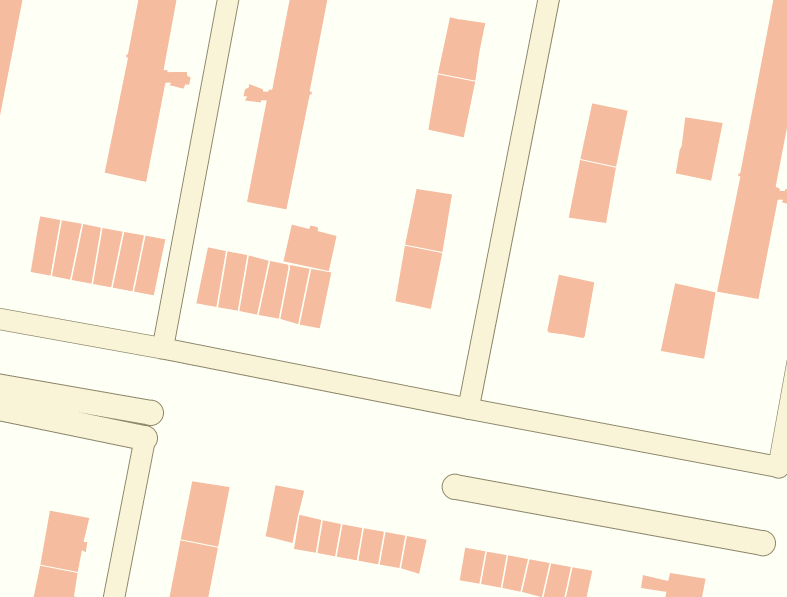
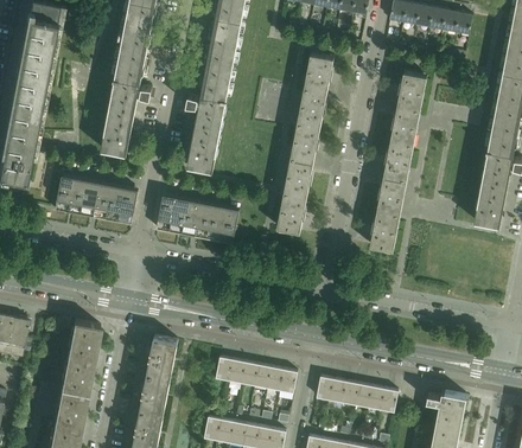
building: [675,117,724,181] -> [397,71,427,110]
building: none -> [291,122,320,161]
building: none -> [377,175,407,215]
building: [283,224,337,272] -> none
building: [660,282,716,359] -> none
building: none -> [68,319,98,358]
building: [265,484,305,544] -> none

